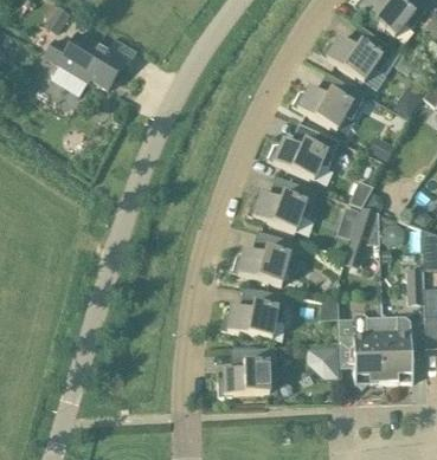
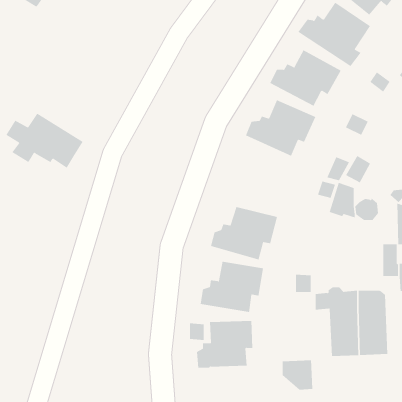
building: [45,33,124,90] -> [6,113,84,169]
building: [248,176,317,232] -> none
building: [307,348,339,378] -> [282,360,313,390]

